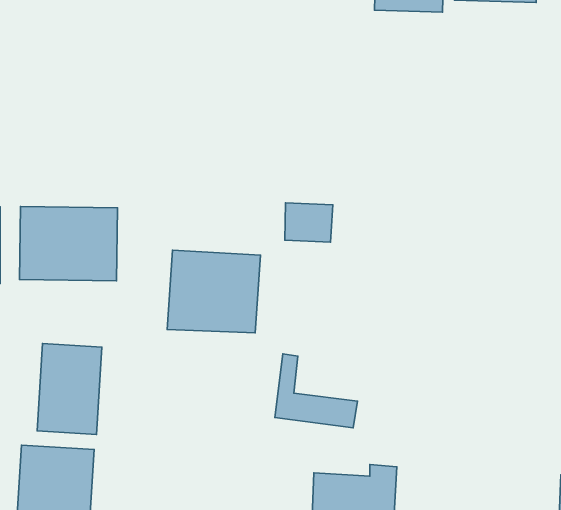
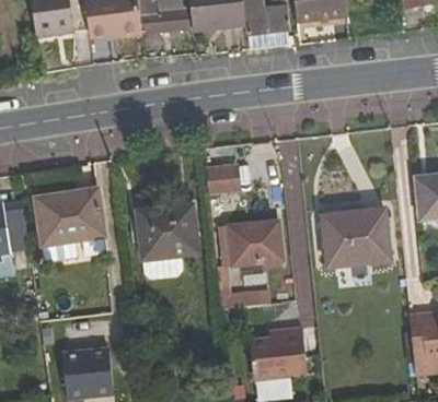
building: none -> [228,220,284,265]
building: none -> [322,208,391,267]
building: [37,343,102,434] -> none

